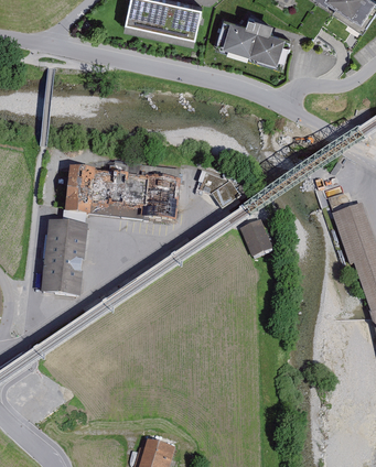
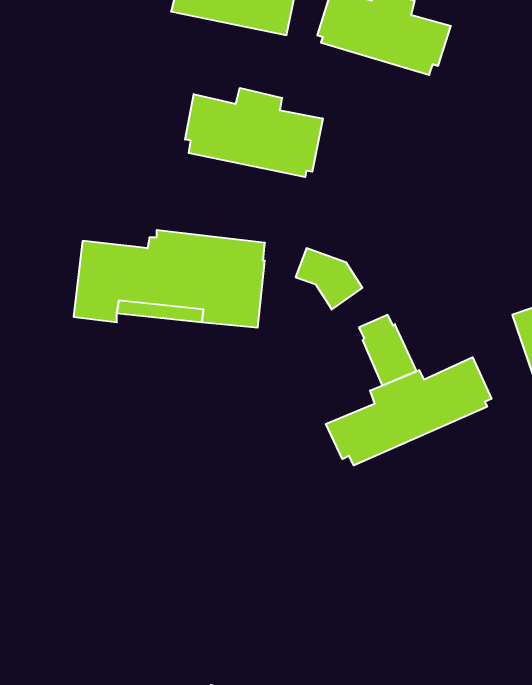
building: none -> [185,88,323,177]
building: [41,225,87,301] -> none
building: none -> [326,357,491,465]

